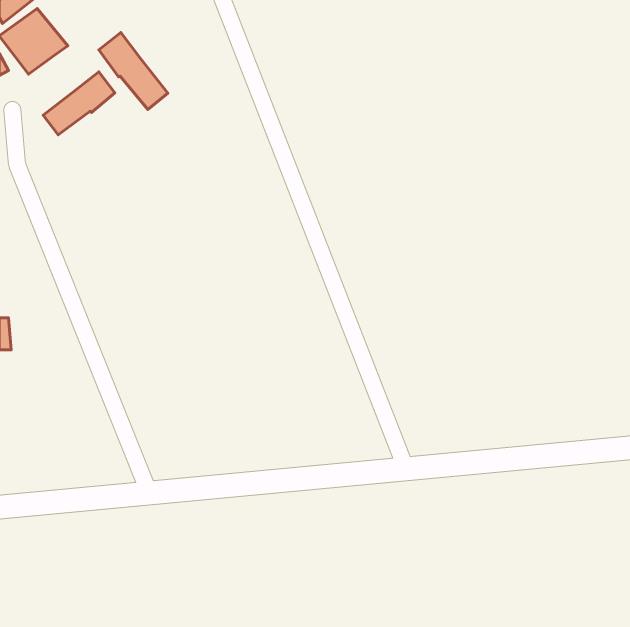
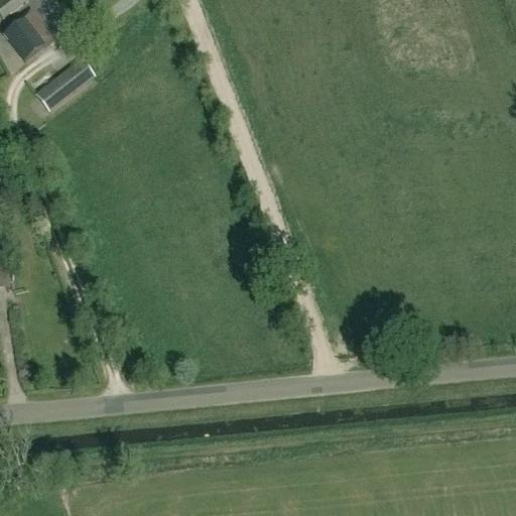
building: [99,32,168,110] -> none

